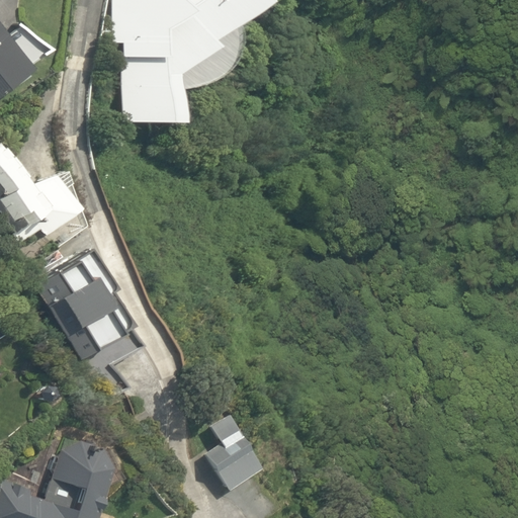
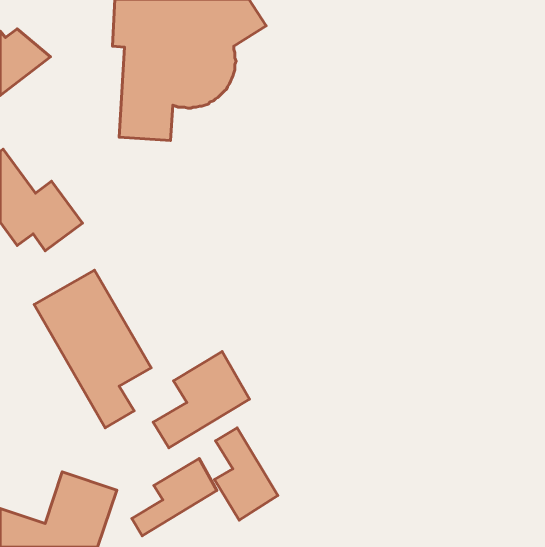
building: none -> [153,351,249,448]
building: none -> [132,458,217,536]

